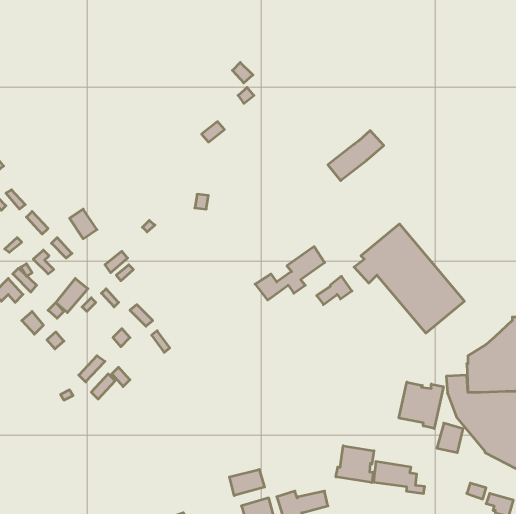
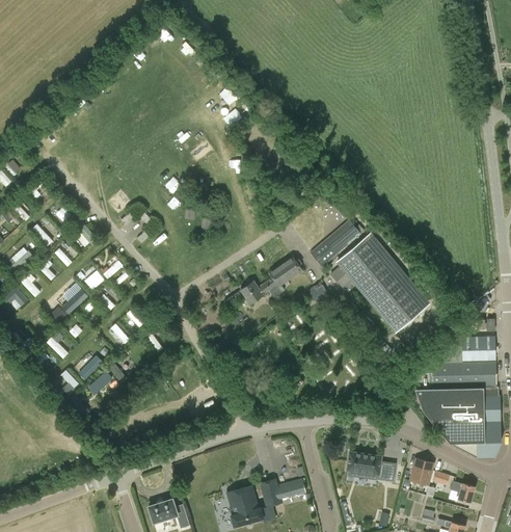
building: [328,131,384,181] -> [311,219,361,265]
building: [399,382,443,429] -> none
building: [437,423,463,453] -> [409,457,433,484]
building: [336,446,374,483] -> none
building: [229,469,265,496] -> none

